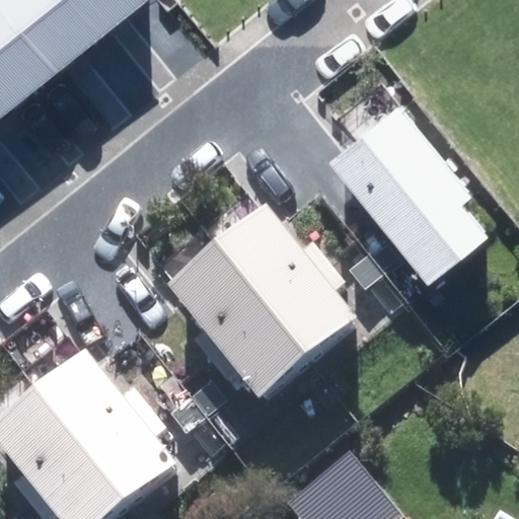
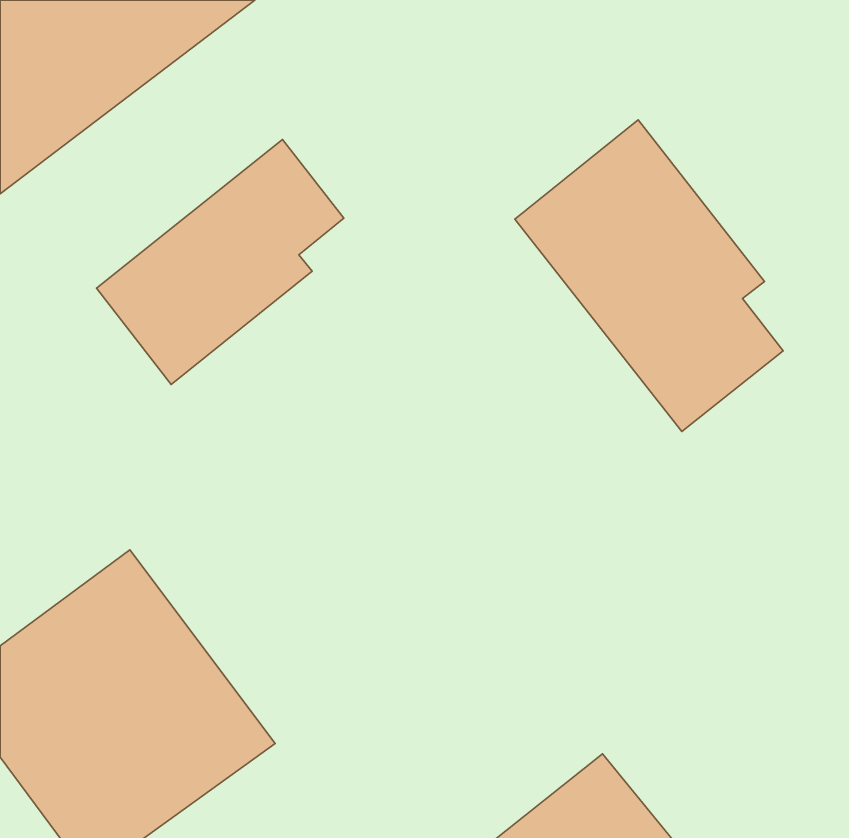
building: none -> [96,140,344,385]
building: [160,204,349,392] -> none

